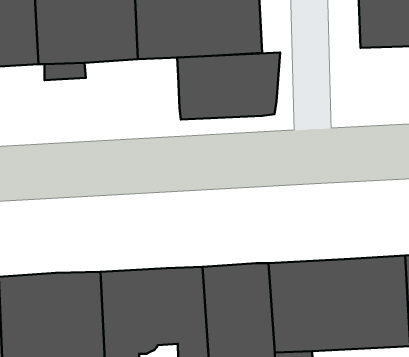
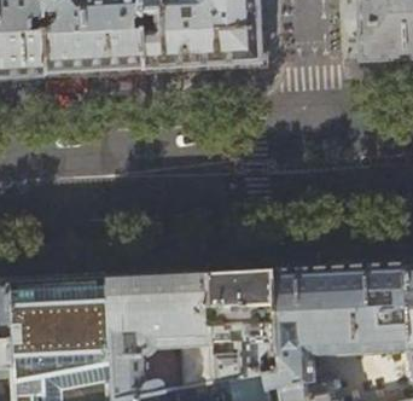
building: [177,52,280,119] -> none

